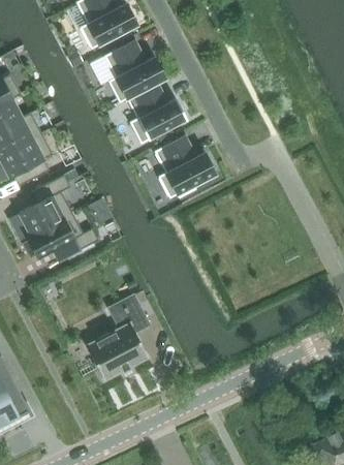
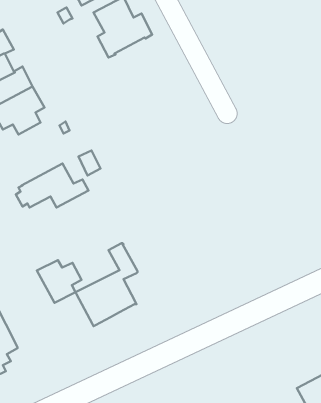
building: [125,82,186,144] -> none
building: [154,135,215,198] -> none
building: [19,175,71,235] -> none
building: none -> [37,260,81,303]

